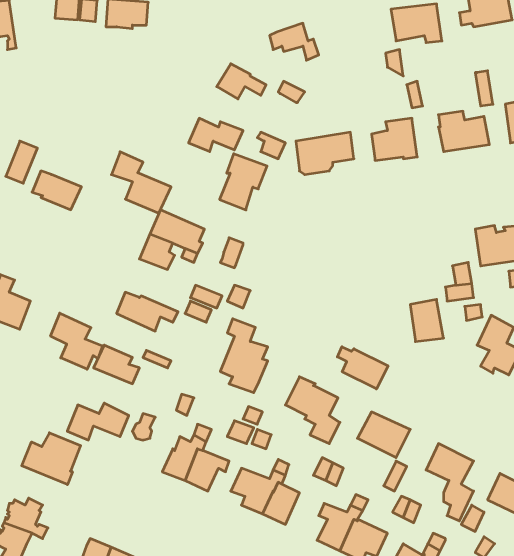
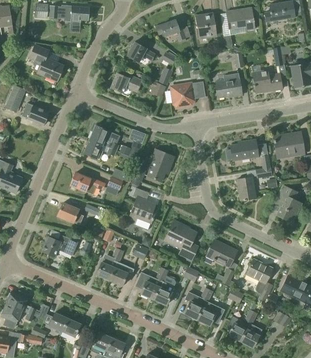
building: none -> [196,13,216,37]
building: [111,152,171,213] -> [29,45,63,80]
building: [220,154,267,210] -> [147,149,174,181]
building: none -> [226,139,258,160]
building: [51,313,103,369] -> none
building: [337,347,388,389] -> none
building: [22,433,81,485] -> none

